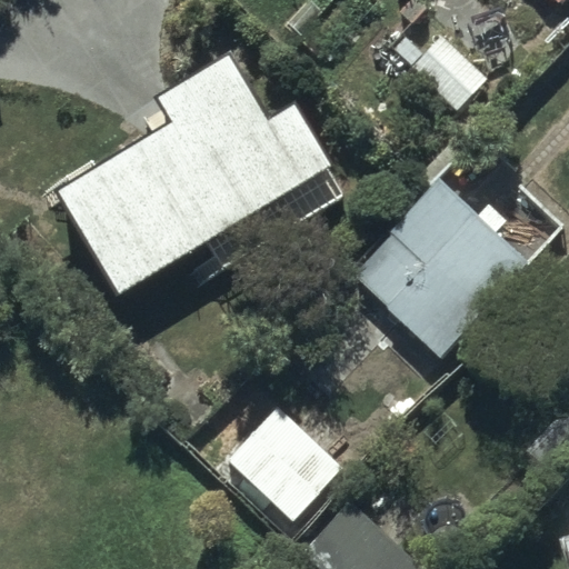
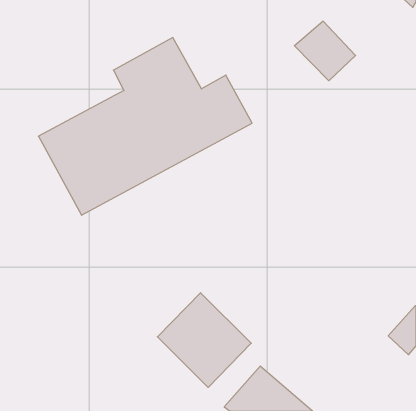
building: [355,184,533,363] -> none

